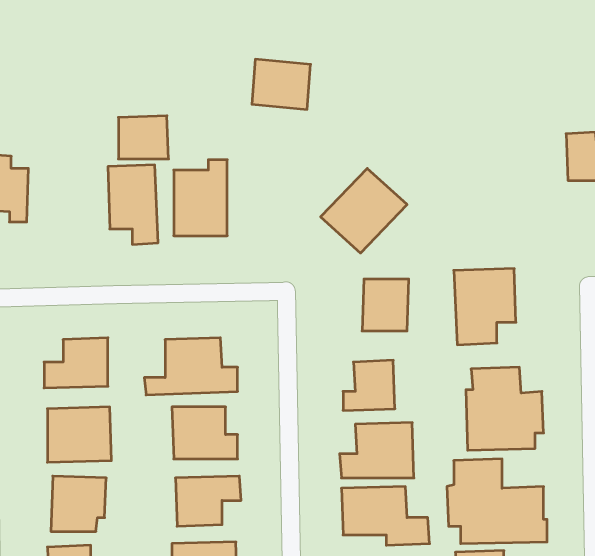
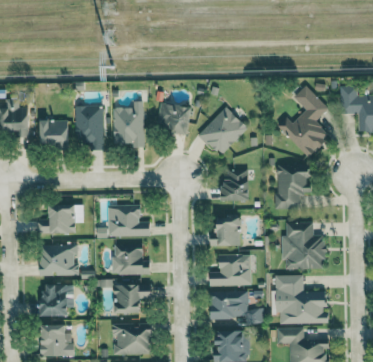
building: [252,59,311,109] -> [157,104,191,133]
building: [118,116,169,159] -> [40,120,69,145]
building: none -> [279,86,331,157]

